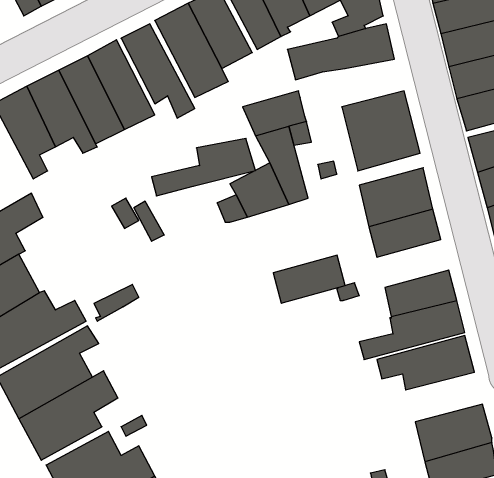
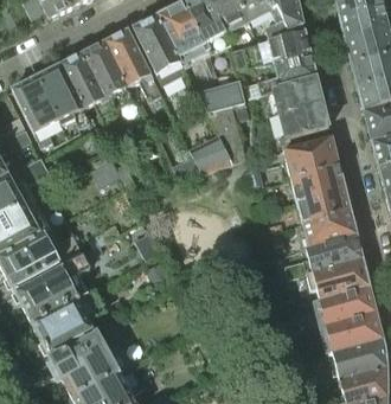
building: [152,138,256,196] -> [239,56,316,98]
building: [273,255,345,303] -> [296,190,350,225]
building: none -> [318,288,373,321]

